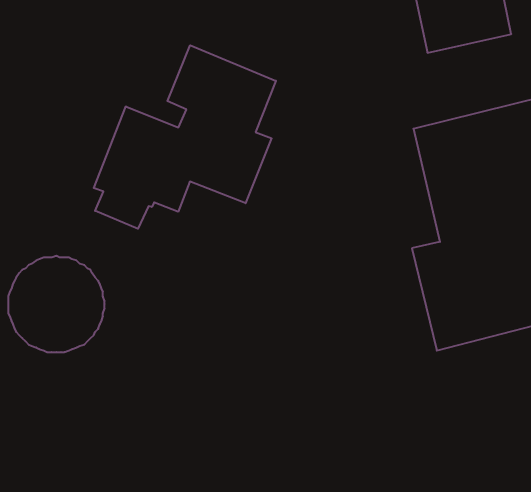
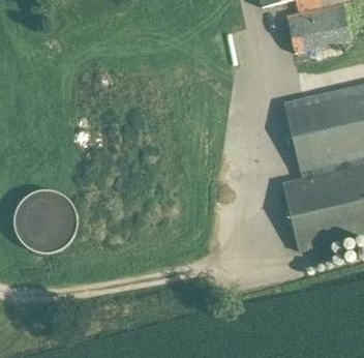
building: [94,45,276,229] -> none

